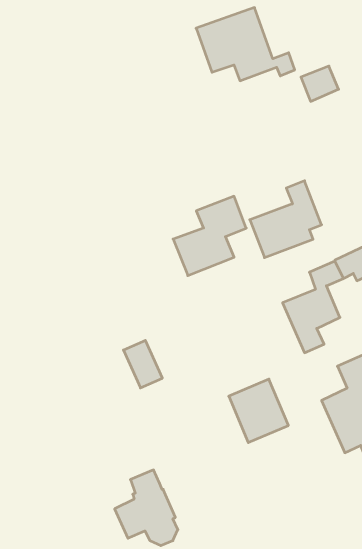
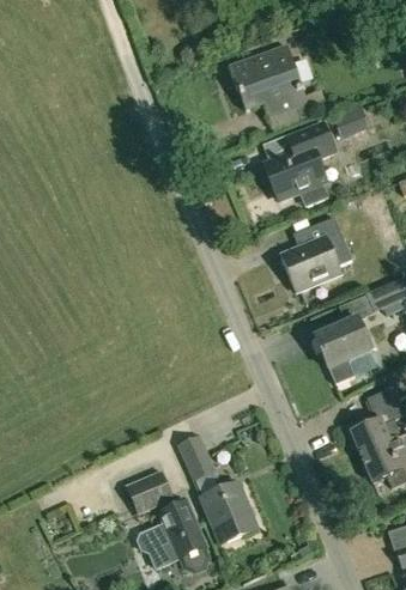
building: [173,196,246,276] -> [263,122,335,200]
building: [123,340,162,388] -> [178,434,217,481]
building: [229,379,288,443] -> [200,481,259,543]
building: none -> [126,469,174,513]

